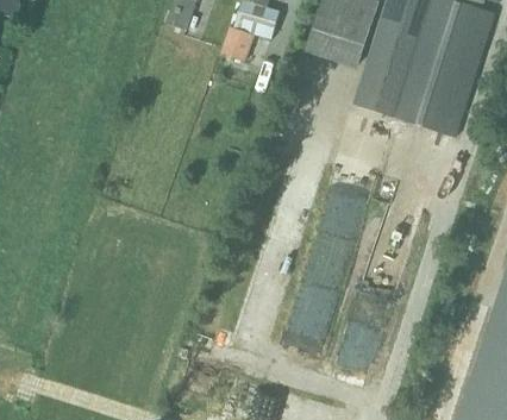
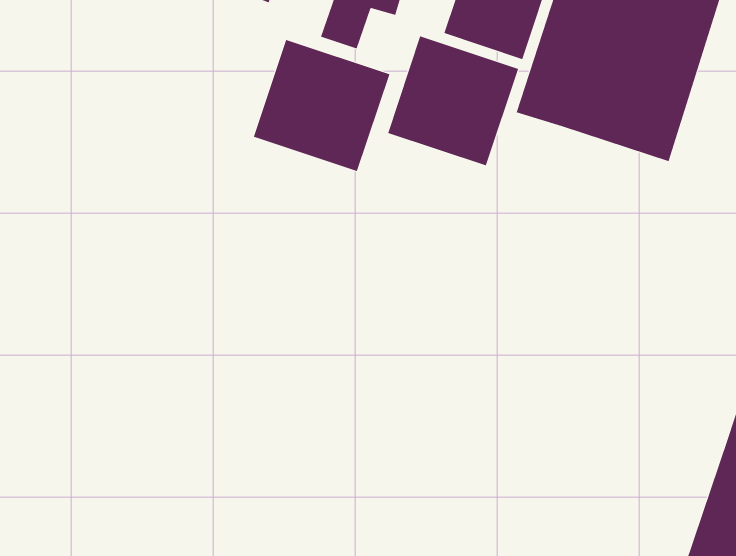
building: none -> [387,35,519,166]
building: none -> [253,39,390,172]

